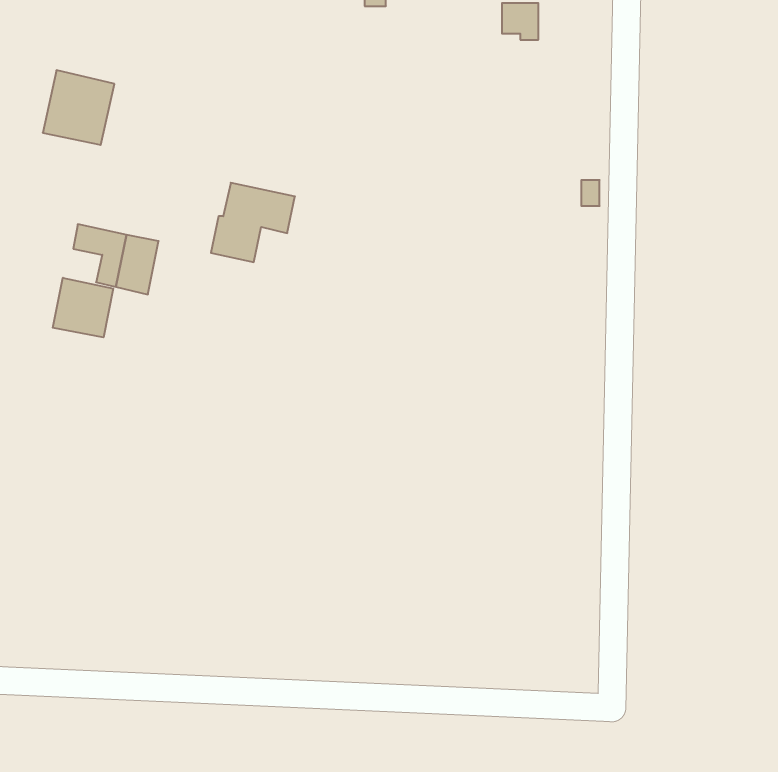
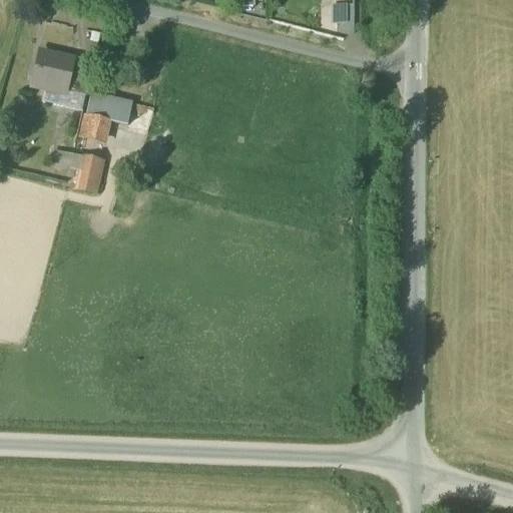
building: [211,183,295,262] -> [78,90,133,142]
building: [53,278,113,337] -> none

